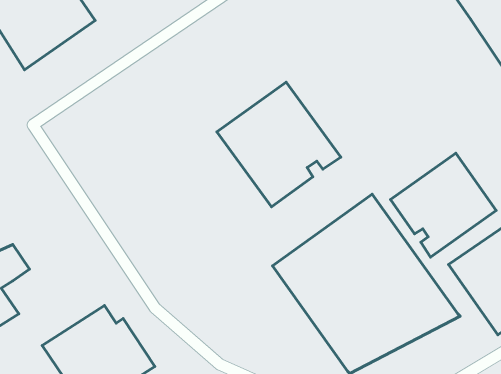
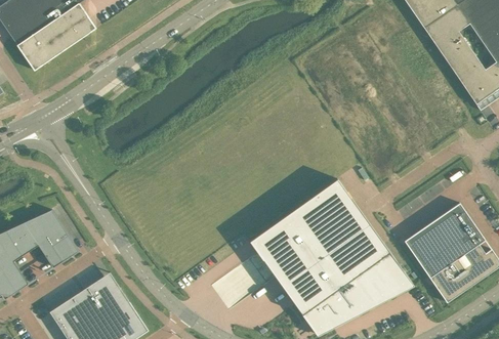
building: [217,82,341,207] -> none
building: [390,153,496,257] -> none
building: none -> [24,209,79,267]

